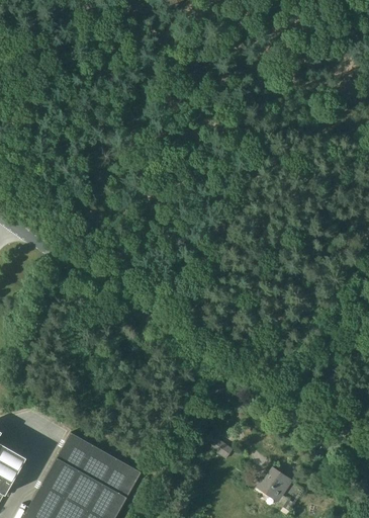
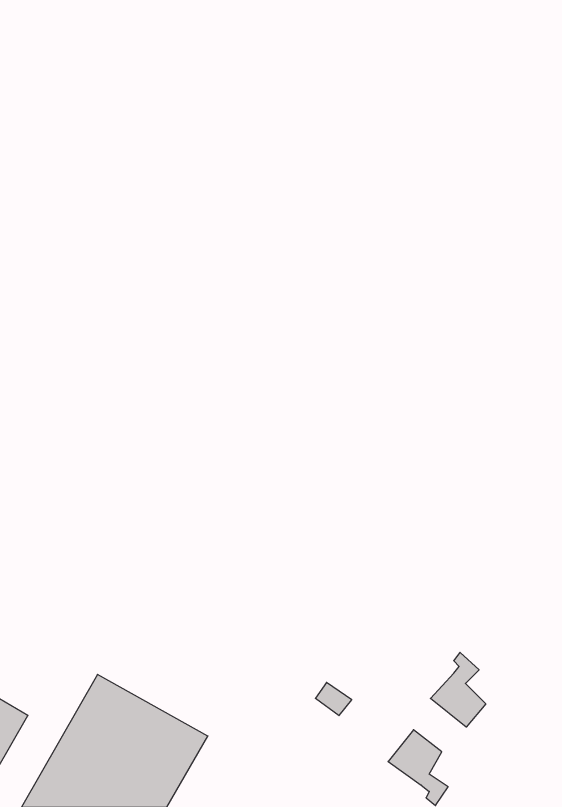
building: none -> [430,652,486,727]

